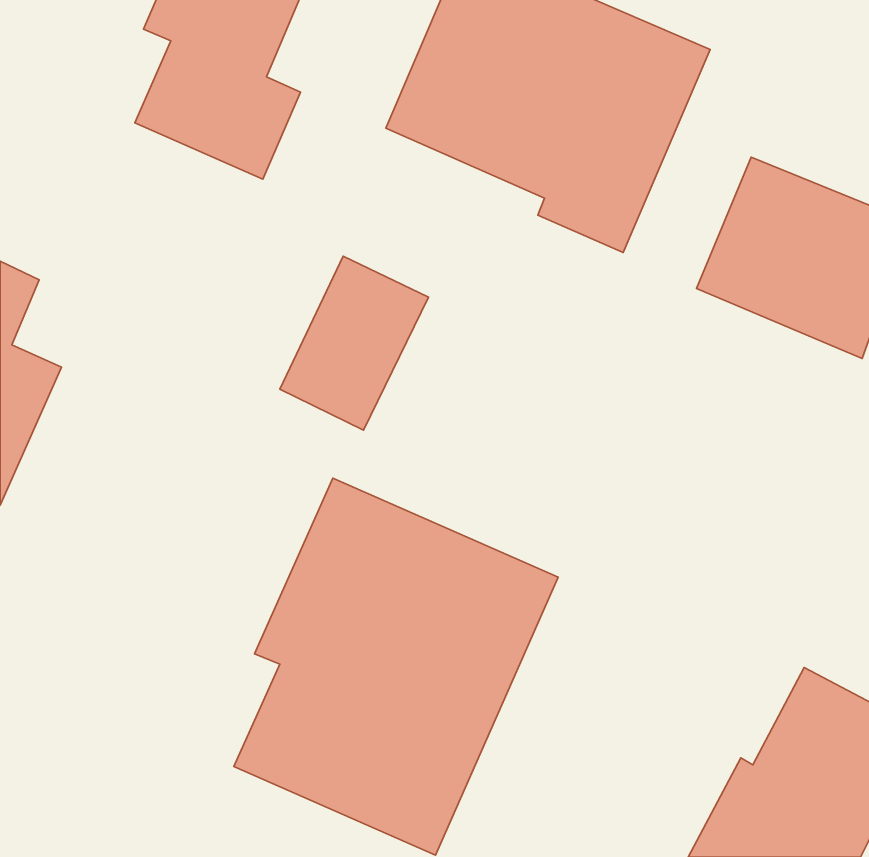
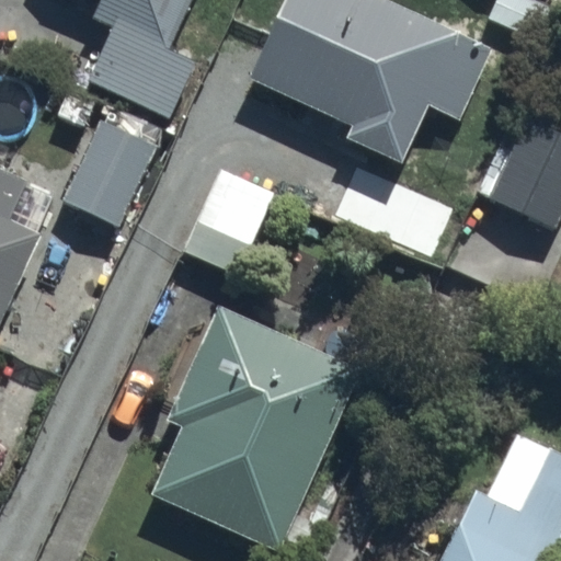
building: none -> [56,115,157,230]

